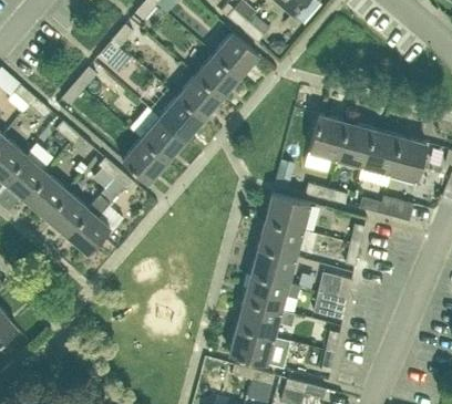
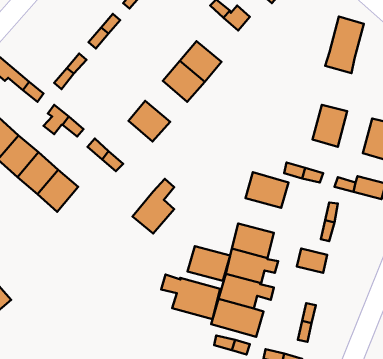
building: [213,32,258,76] -> none
building: [158,96,203,139] -> none
building: [305,114,346,174] -> [325,17,364,73]
building: [362,128,399,173] -> none
building: [122,138,166,183] -> none
building: [65,195,110,252] -> [132,179,174,233]
building: [257,220,302,257] -> [187,246,230,281]
building: [315,292,347,319] -> none
building: none -> [161,275,220,319]

